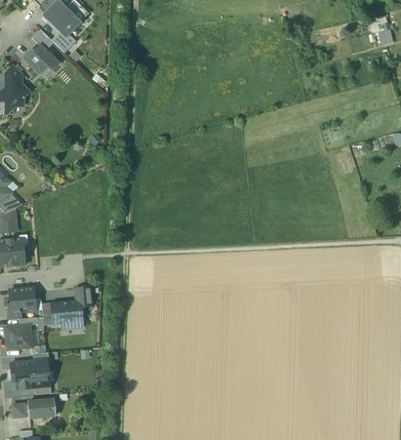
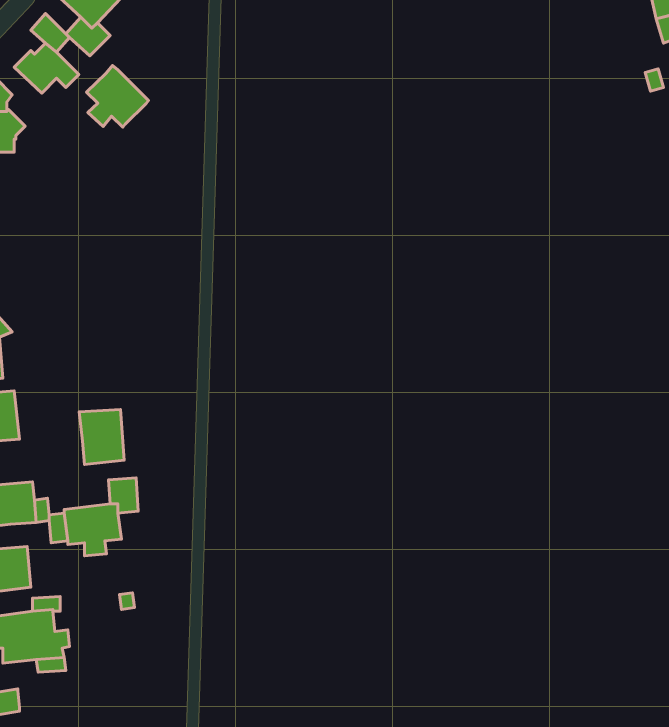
building: none -> [87,66,149,127]
building: none -> [79,409,124,464]
building: [28,398,54,416] -> none

